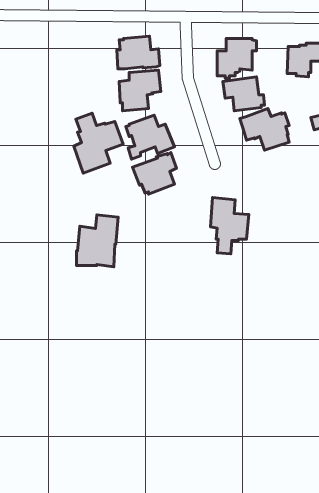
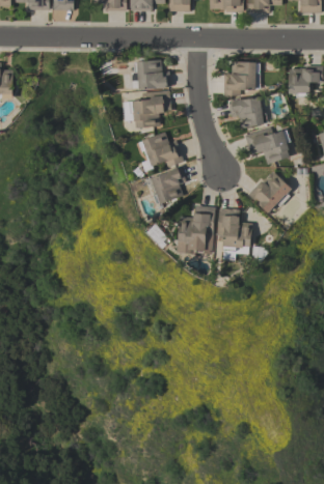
building: [74,113,123,173] -> none
building: none -> [248,171,291,212]
building: [76,215,118,267] -> [177,205,215,253]

